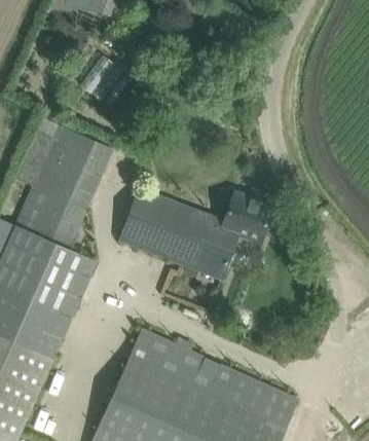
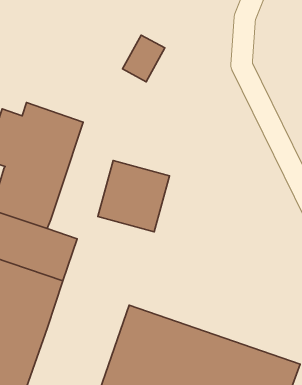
building: [83,57,125,102] -> [123,35,165,82]
building: [171,192,272,281] -> none

